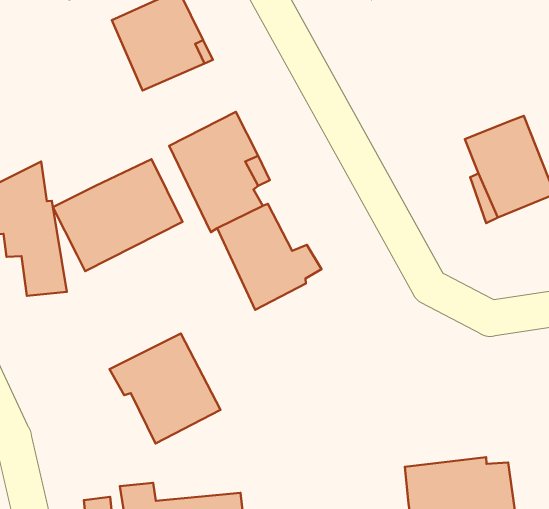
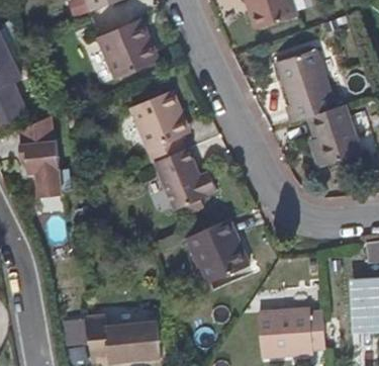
building: none -> [274,49,335,121]
building: [53,159,183,271] -> none
building: [109,333,220,444] -> [185,218,251,284]

